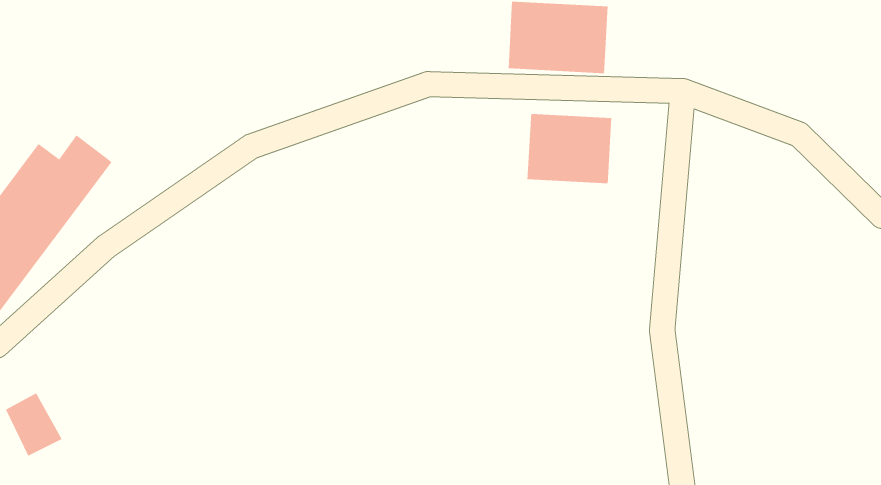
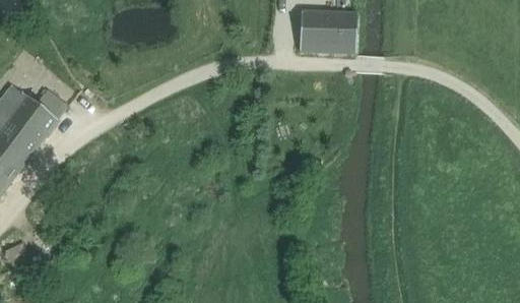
building: [527,113,612,184] -> none

